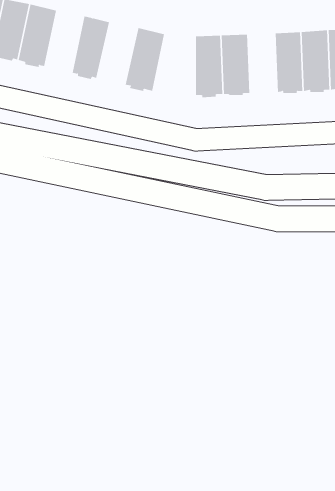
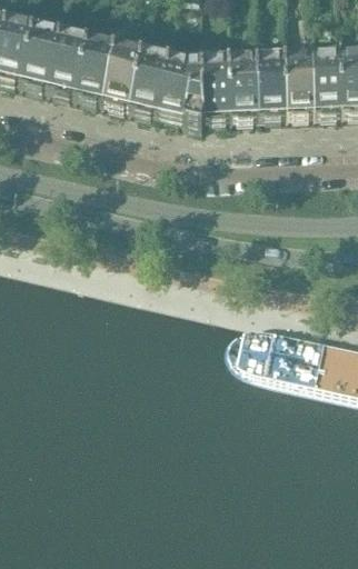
building: none -> [56,29,96,93]
building: none -> [109,41,151,107]
building: none -> [265,52,295,116]
building: none -> [167,53,210,123]

